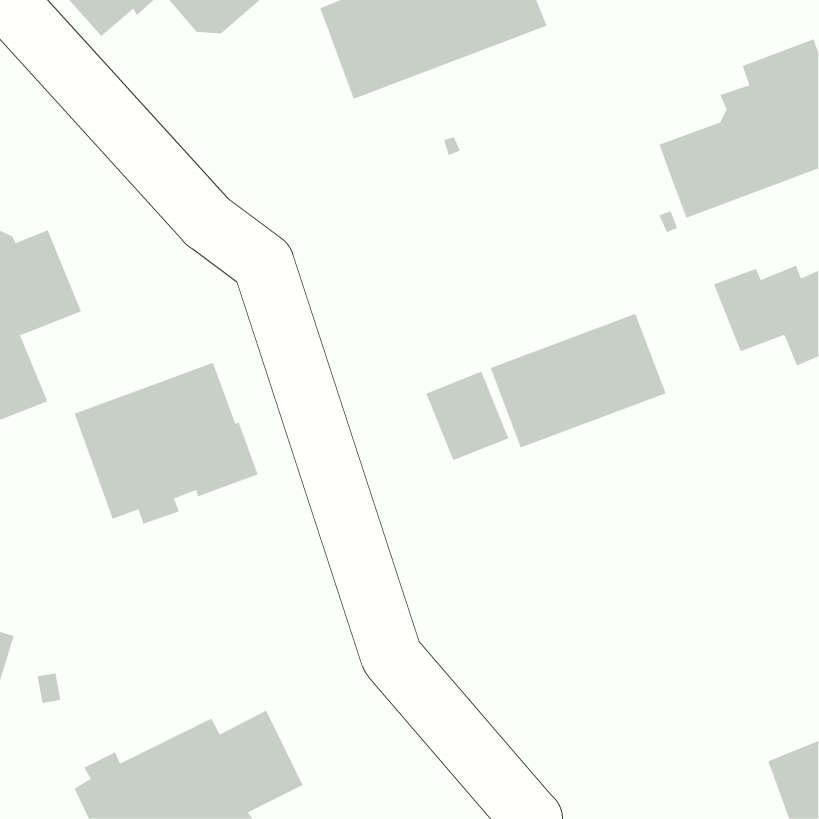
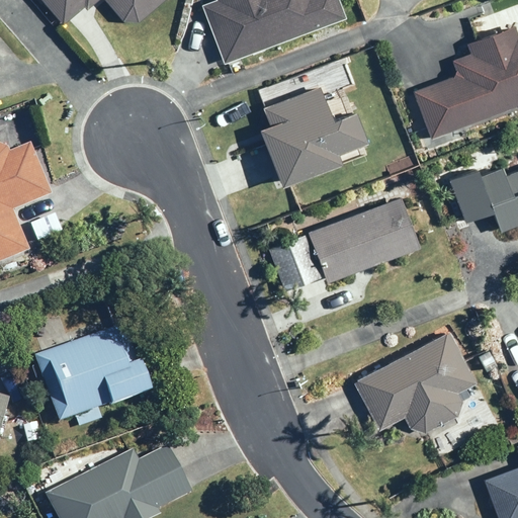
building: none -> [261,86,368,186]
building: [74,362,258,524] -> [35,326,152,428]
building: none -> [355,331,477,432]

